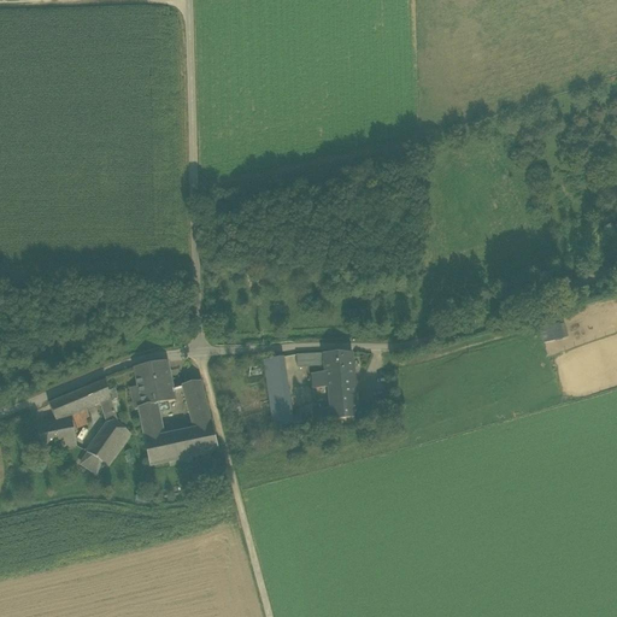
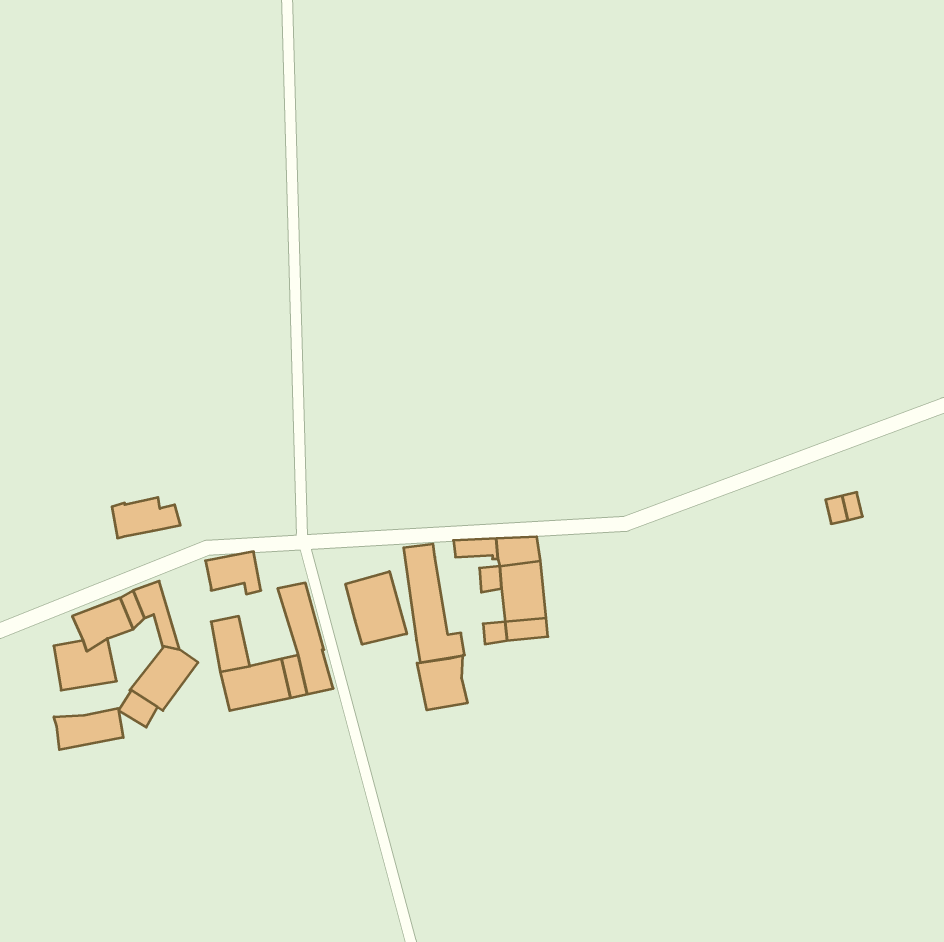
building: none -> [346,571,407,644]
building: [129,380,174,406] -> [112,497,180,538]
building: none -> [417,655,467,710]
building: none -> [54,708,123,750]

